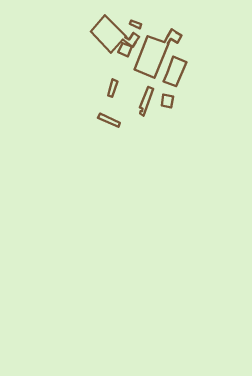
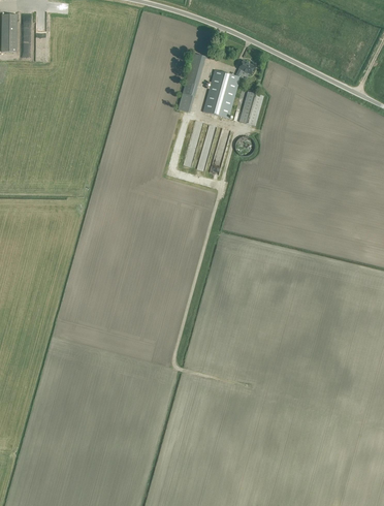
building: [91,15,139,53] -> none

